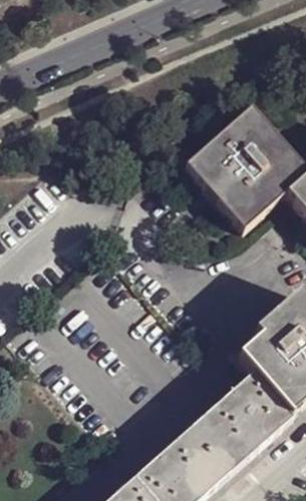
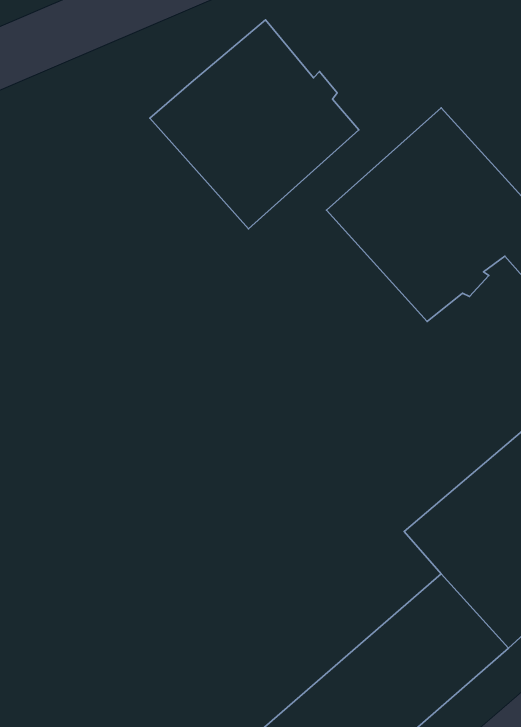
building: none -> [150,20,359,229]

